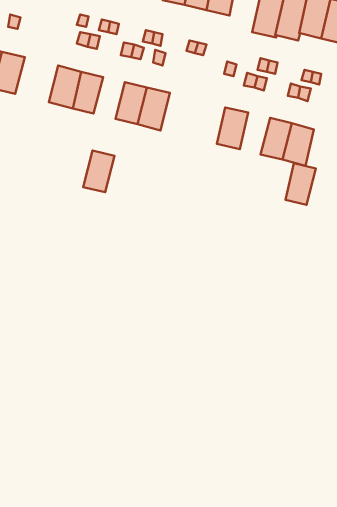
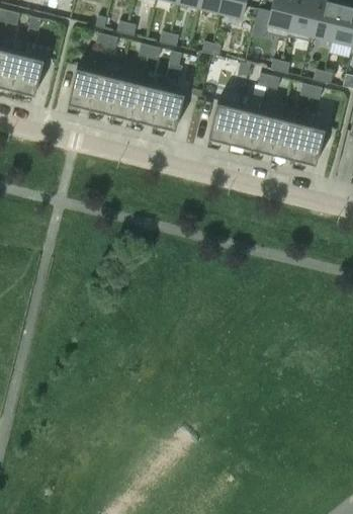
building: none -> [208,101,239,143]
building: [83,150,115,192] -> [111,78,142,118]
building: [285,163,316,205] -> [253,112,282,153]

